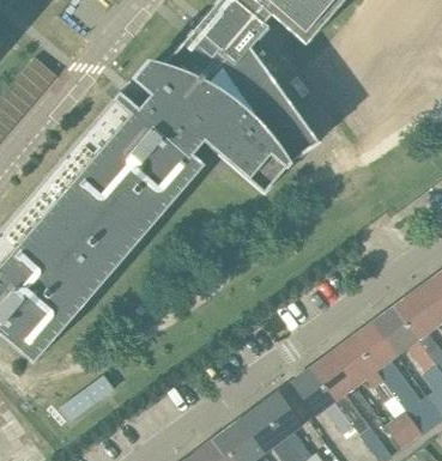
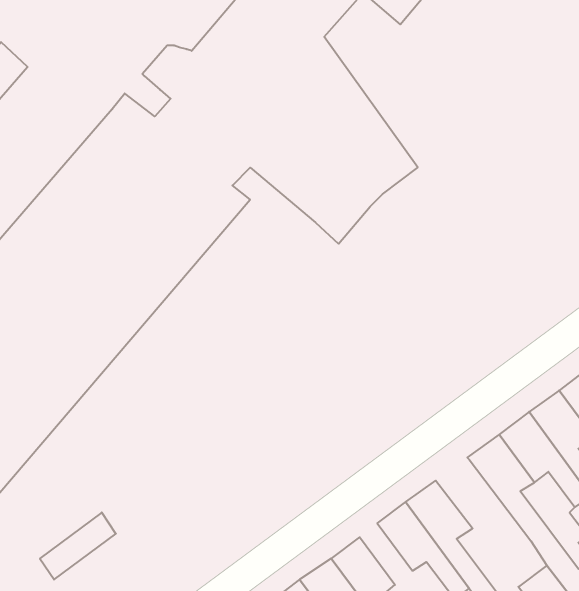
building: [331,338,395,402] -> none

